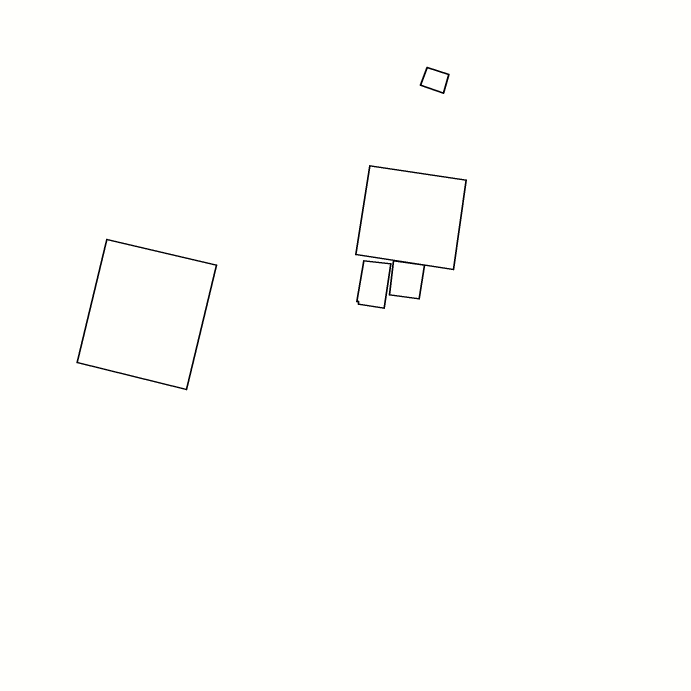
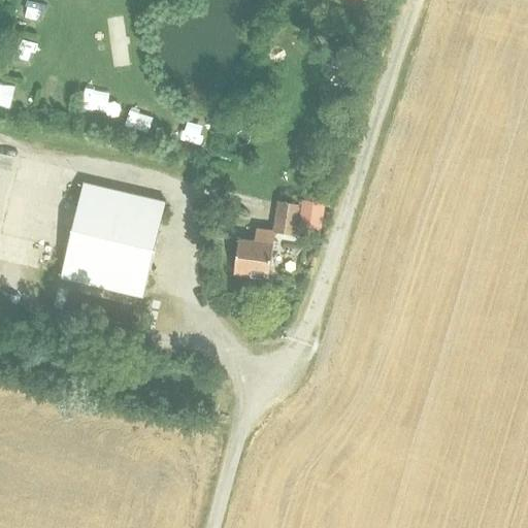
building: [356,166,466,269] -> none
building: none -> [233,228,273,277]

